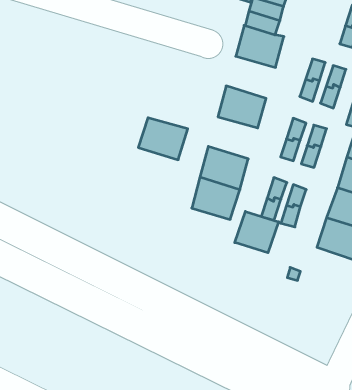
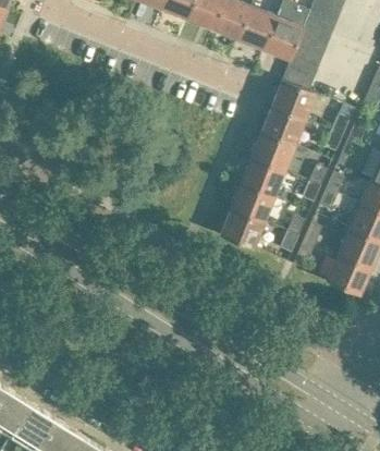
building: none -> [260,106,305,145]
building: [138,118,188,160] -> [240,157,284,196]
building: [235,211,279,253] -> none

